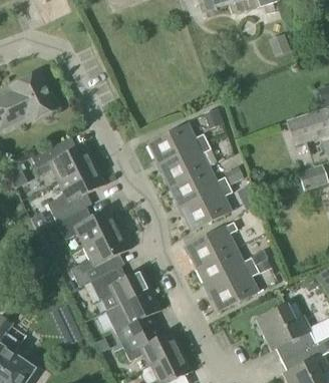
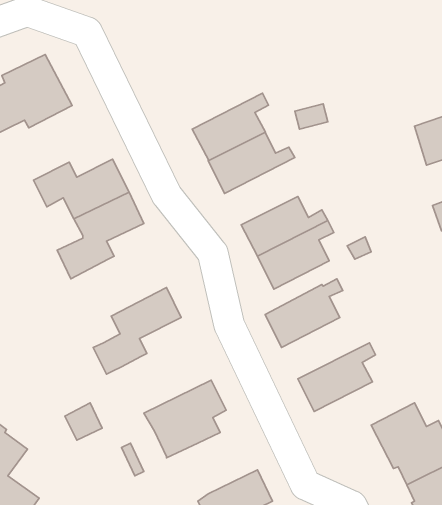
building: [159,139,211,184] -> [192,93,268,160]
building: [56,206,120,246] -> none
building: [198,247,257,288] -> none
building: [84,267,150,311] -> none
building: [120,324,182,365] -> none

